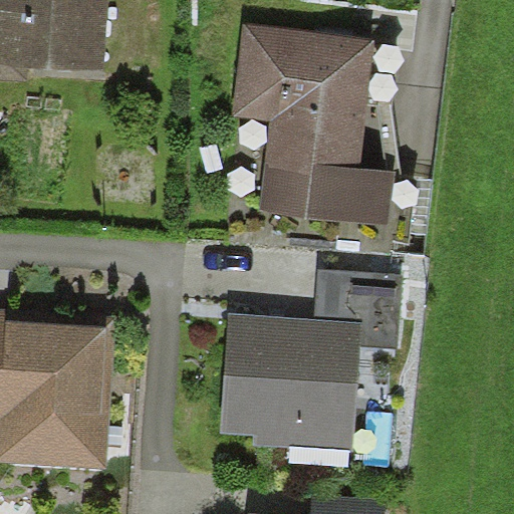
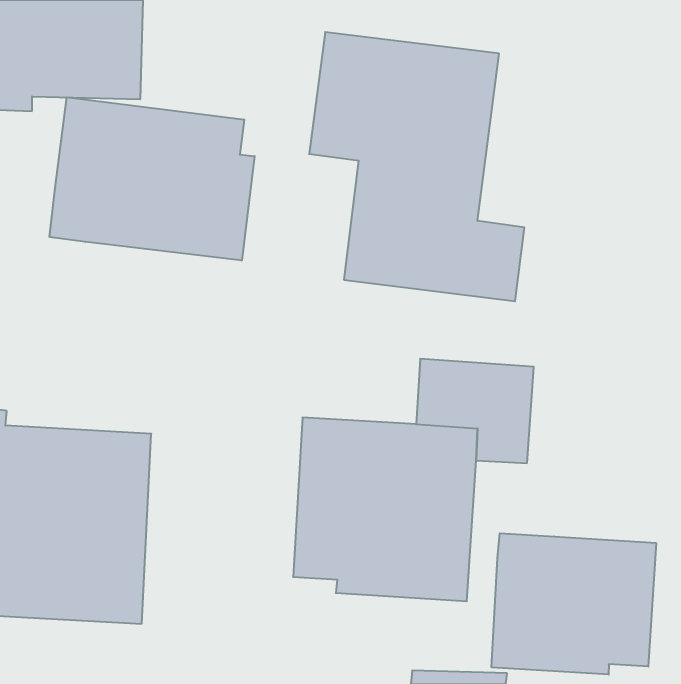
building: none -> [50,97,255,261]
building: none -> [492,533,656,675]

